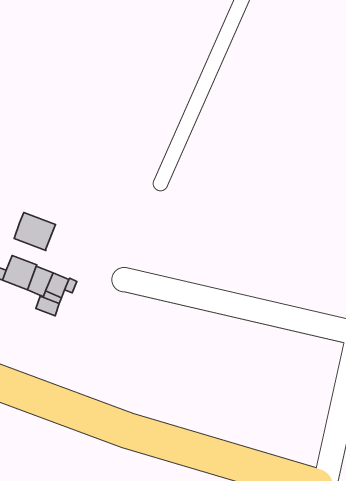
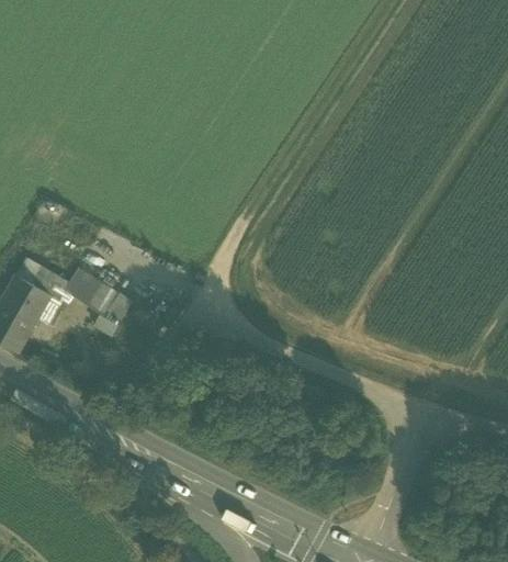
building: [14,212,56,250] -> none

